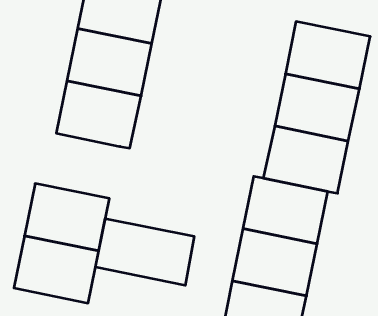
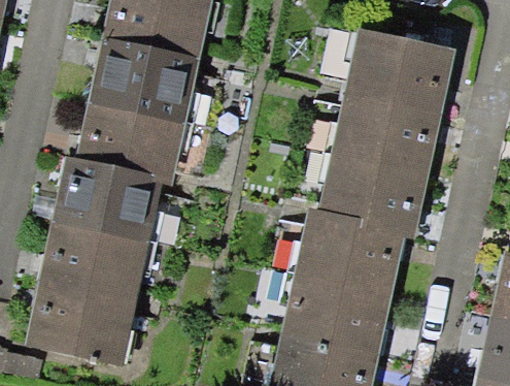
building: none -> [59,160,158,238]
building: [95,218,194,285] -> none

